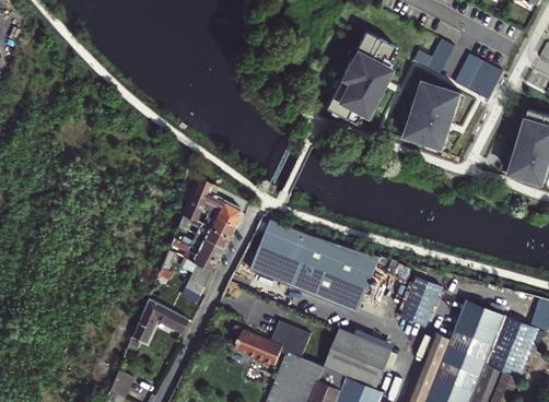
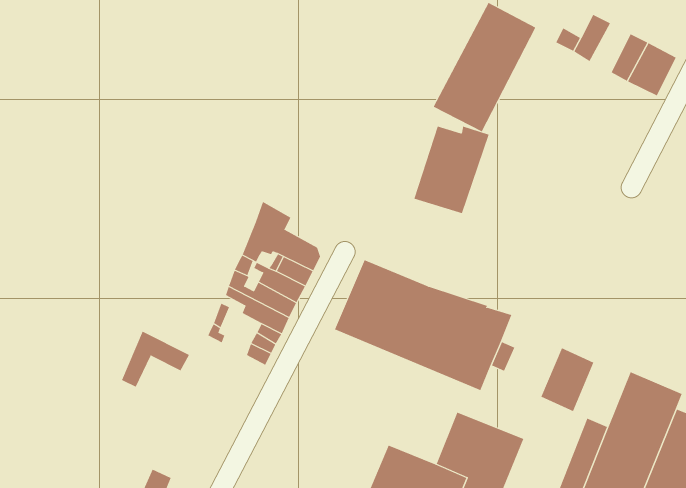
building: [405,86,460,151] -> [413,126,490,214]
building: [133,298,184,340] -> [121,331,190,388]
building: [236,322,312,365] -> none

